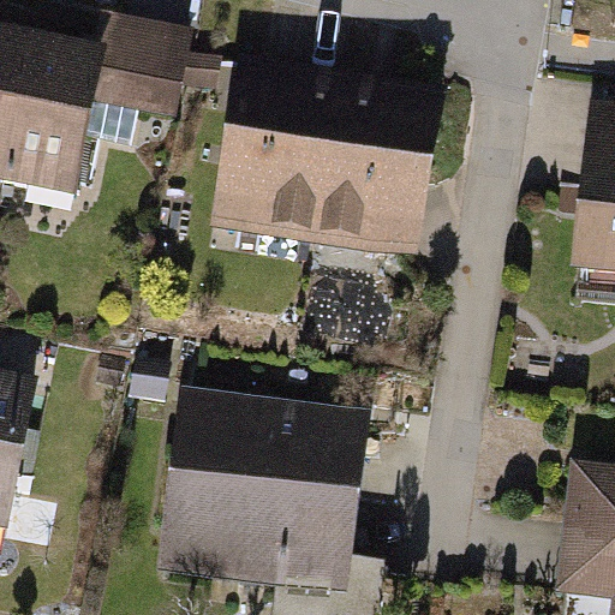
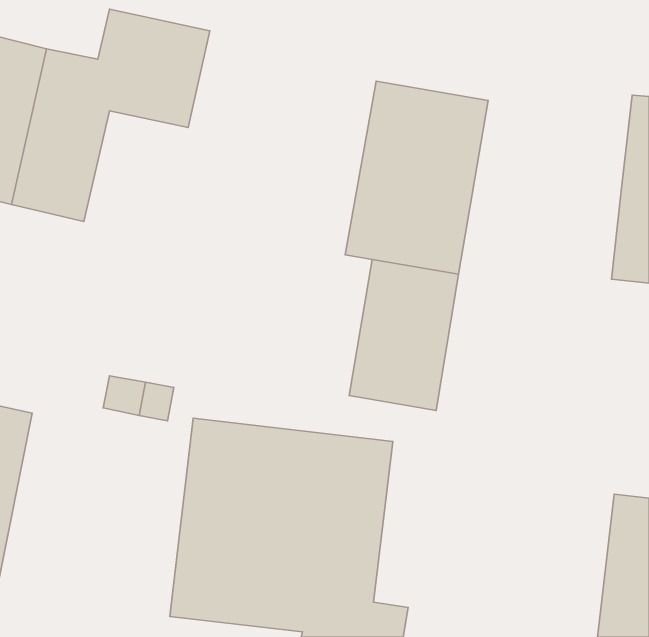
building: [214,58,351,238] -> none
building: none -> [349,260,458,410]

